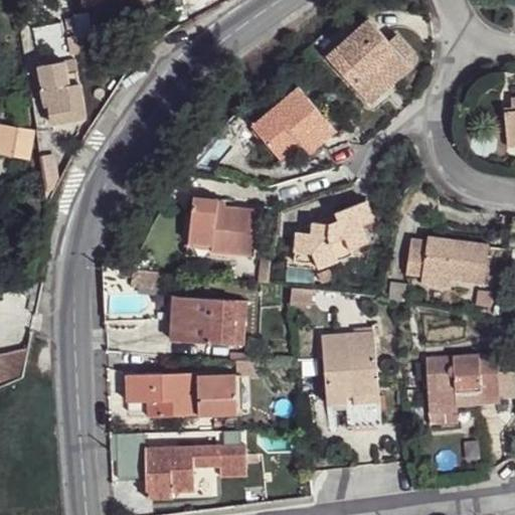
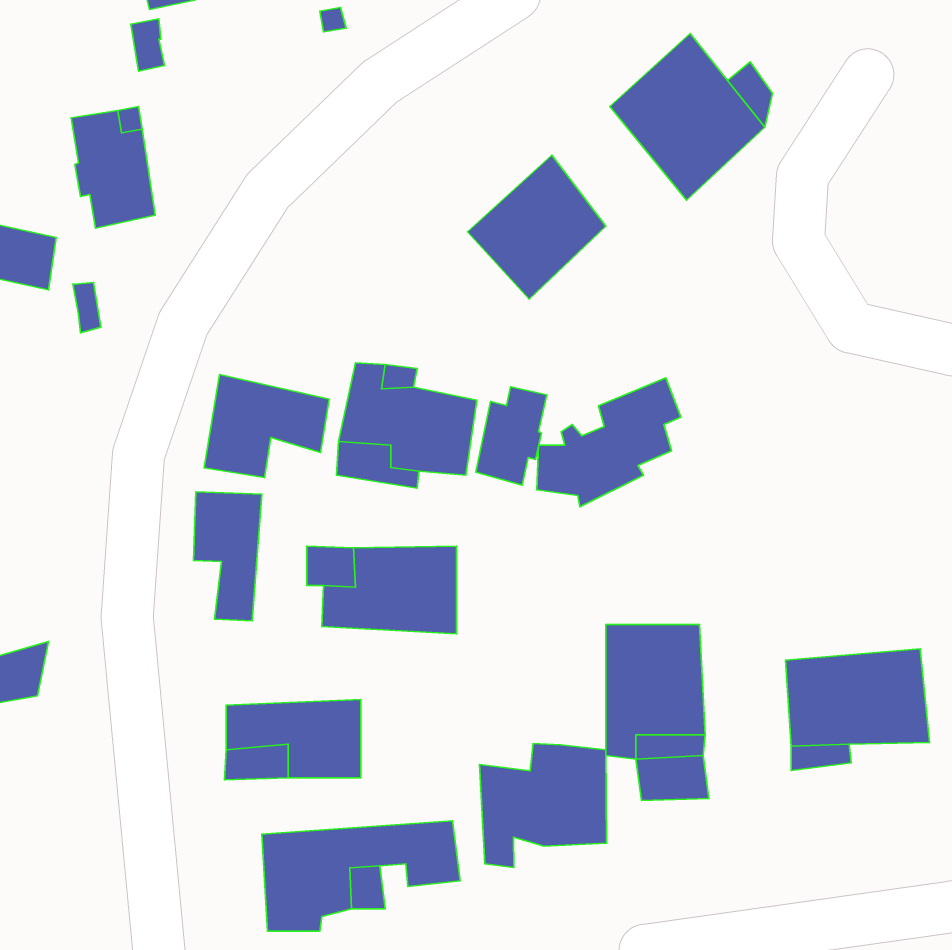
building: none -> [204,375,329,477]
building: none -> [476,387,547,485]
building: [407,240,490,292] -> none
building: none -> [193,492,262,621]
building: [194,376,236,418] -> none
building: none -> [479,744,607,868]

